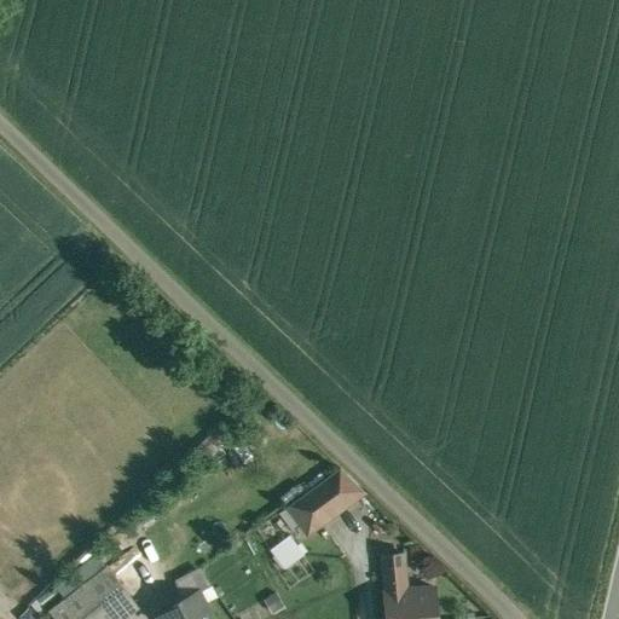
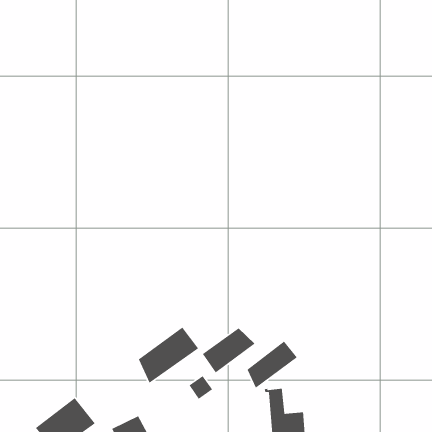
building: none -> [138,327,199,384]
building: none -> [247,341,298,389]

